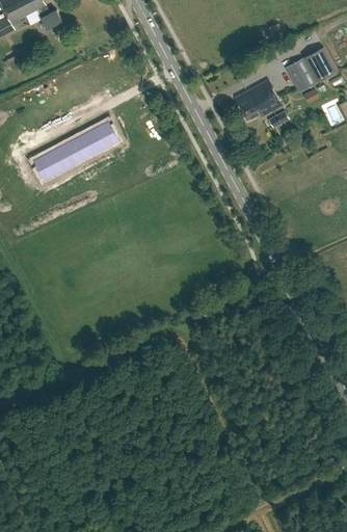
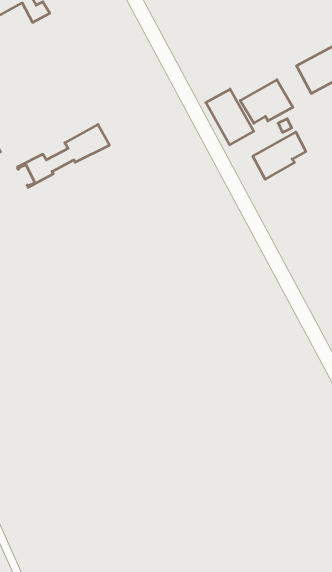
building: none -> [206,89,254,145]
building: none -> [253,132,306,179]

